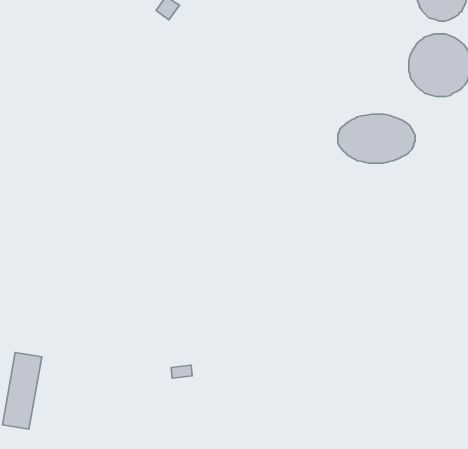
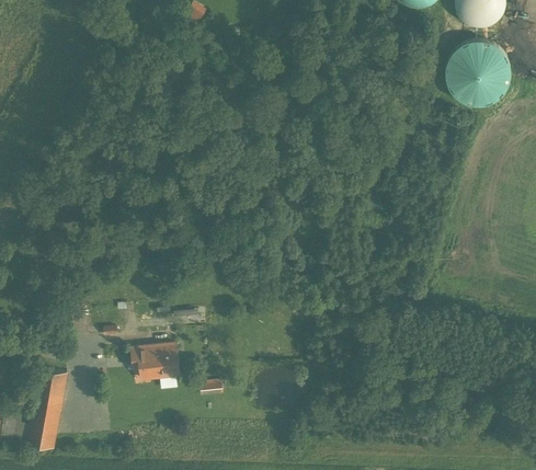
building: [338,114,415,163] -> none
building: none -> [133,344,181,380]

